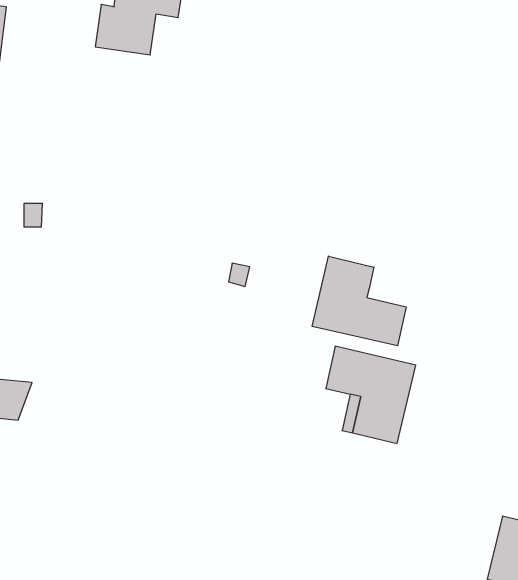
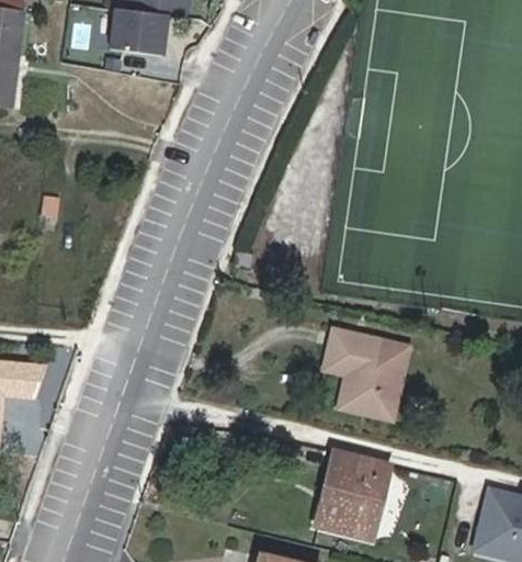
building: [312,256,406,346] -> none
building: none -> [314,452,389,539]

